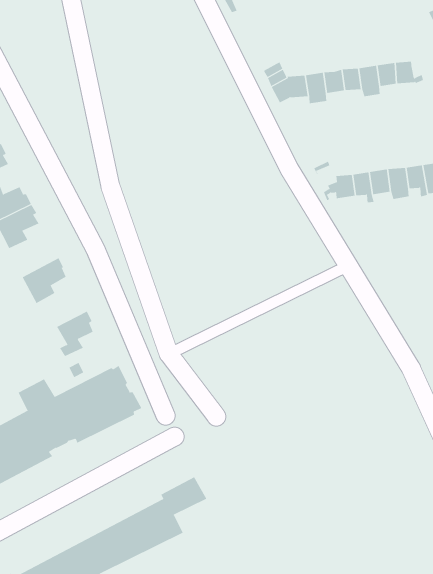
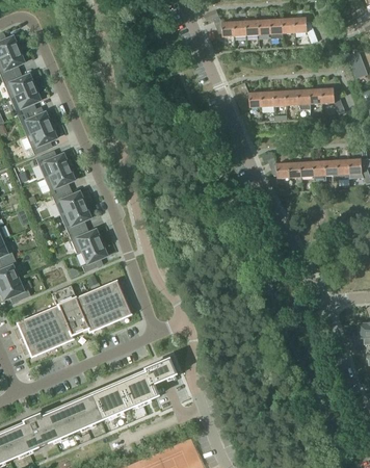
building: none -> [52,189,85,214]
building: none -> [68,227,102,252]

